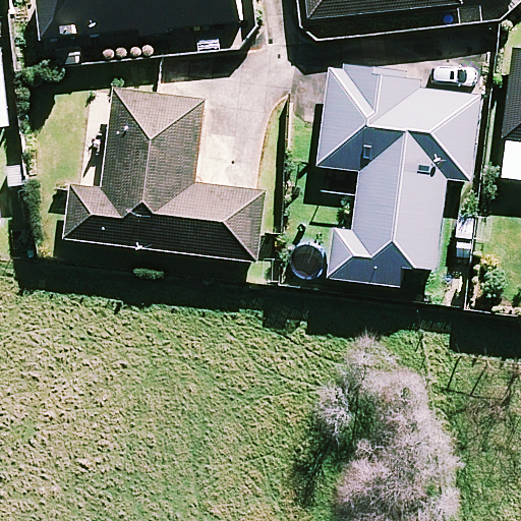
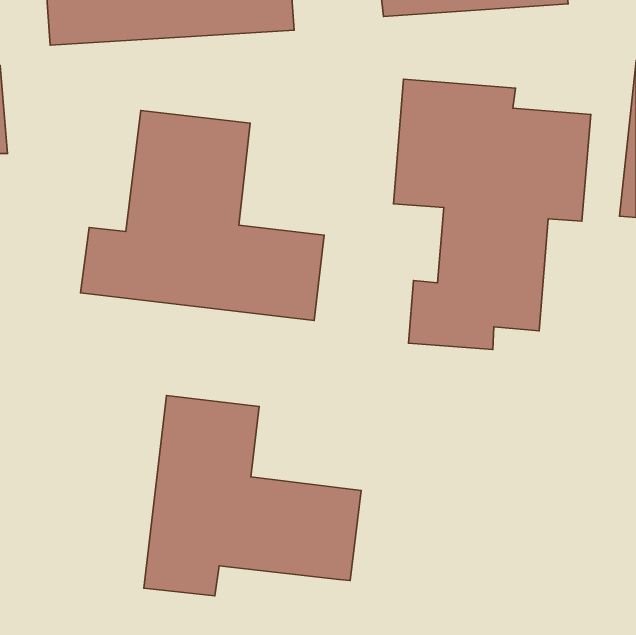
building: none -> [144,395,361,596]

